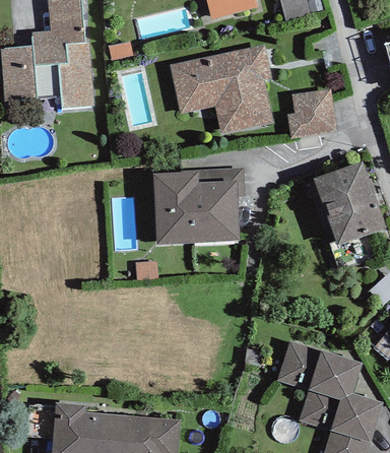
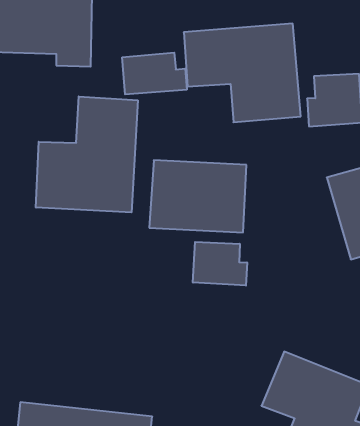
building: none -> [122,53,187,94]
building: none -> [36,96,138,212]
building: none -> [193,242,247,286]

